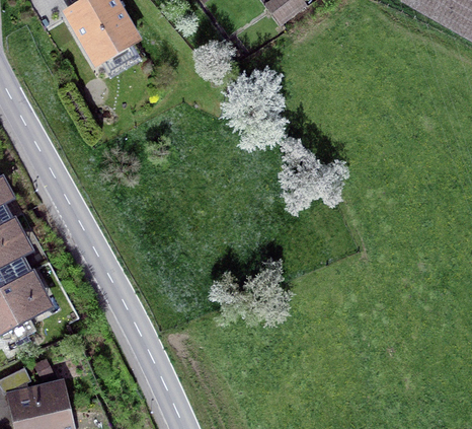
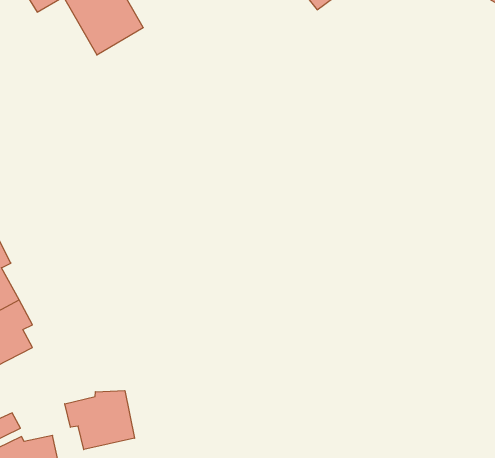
building: none -> [65,391,135,450]

